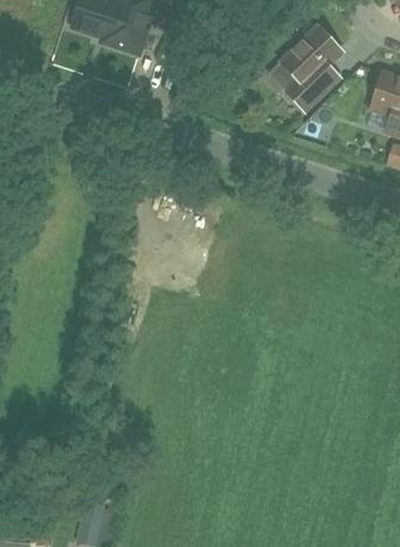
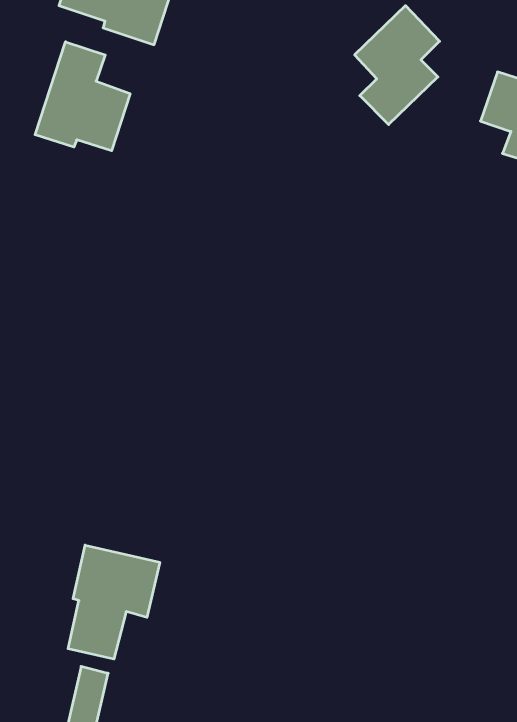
building: none -> [35,42,130,151]
building: none -> [68,545,160,659]

